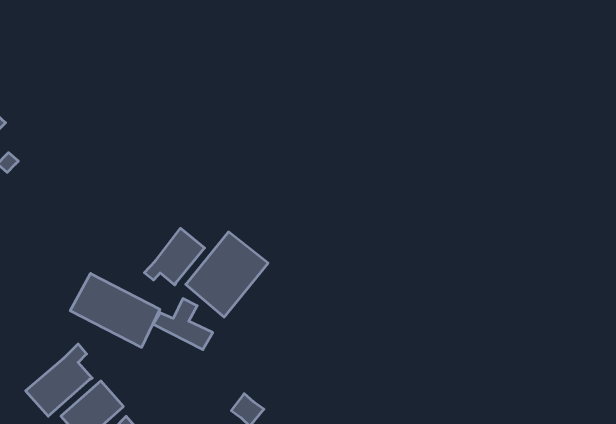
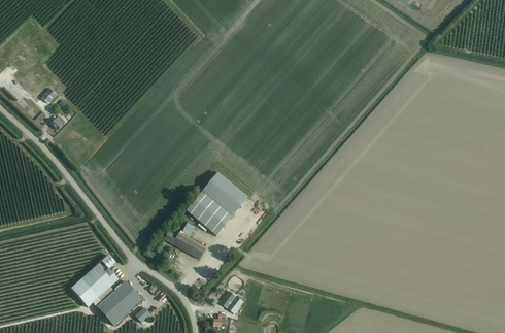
building: [144,228,205,285] -> none
building: [70,273,160,347] -> none

